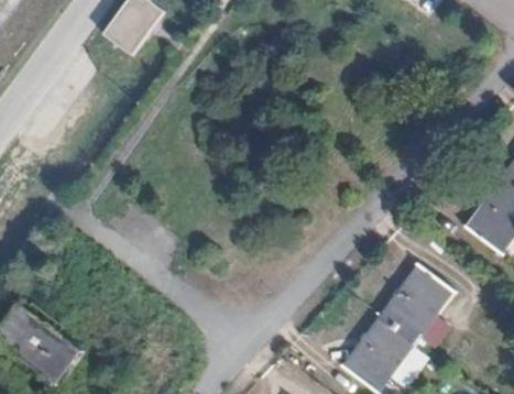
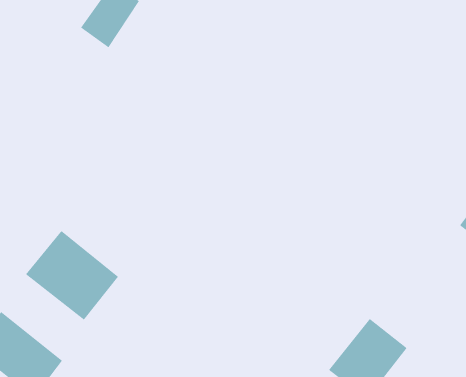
building: none -> [25,230,119,320]
building: [381,266,456,343] -> none

